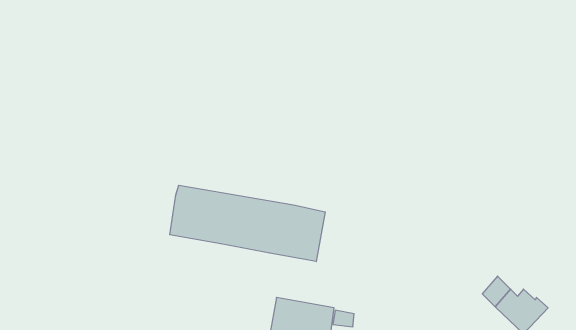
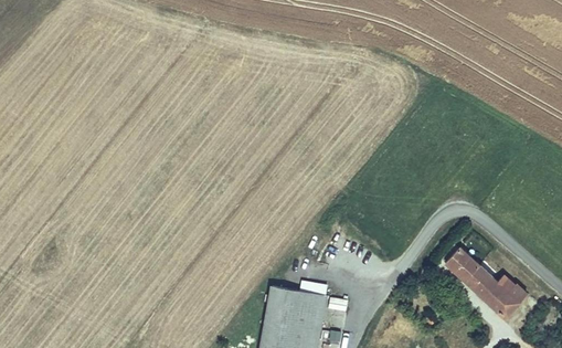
building: [170,185,325,262] -> none
building: none -> [445,246,479,282]

